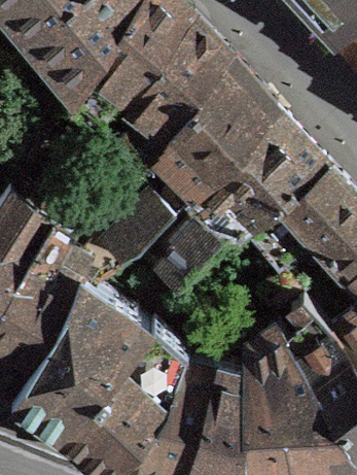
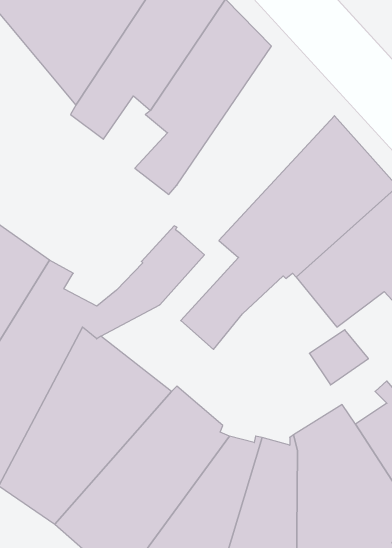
building: [152,50,276,214] -> none

